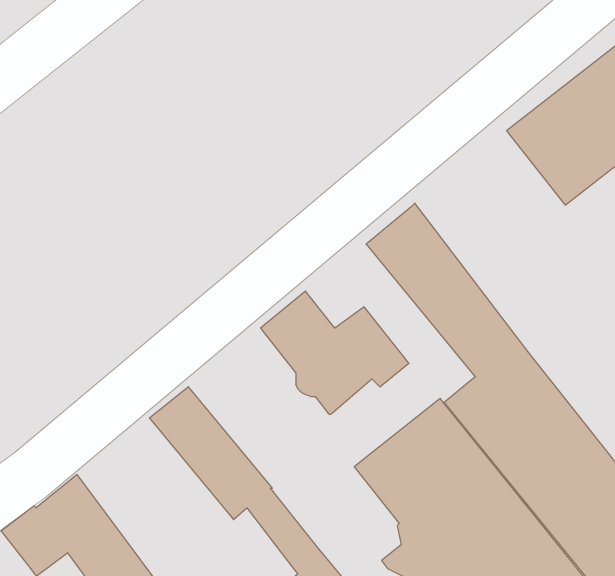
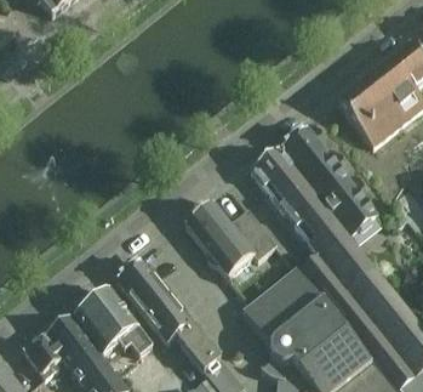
building: none -> [279,124,377,237]
building: none -> [74,289,152,354]

